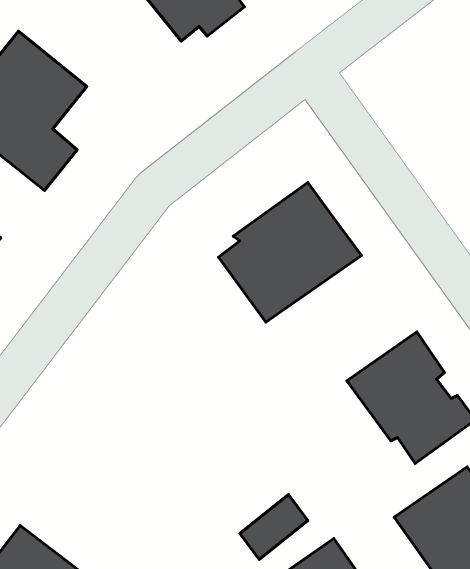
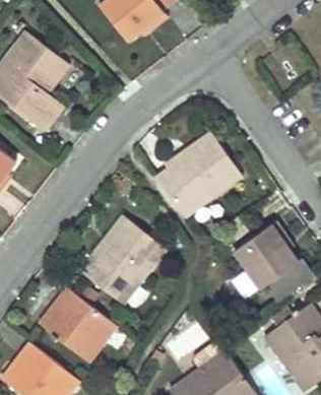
building: none -> [84,215,167,304]
building: none -> [40,286,118,361]

